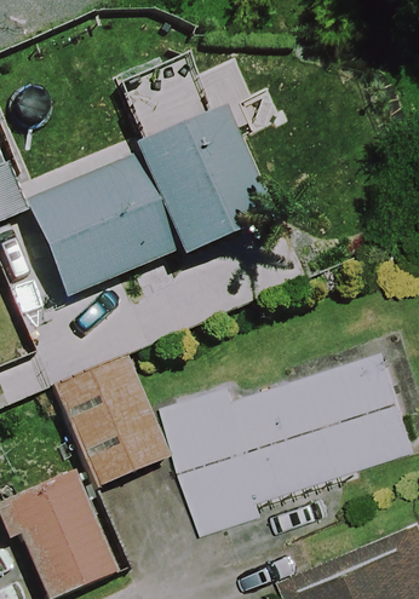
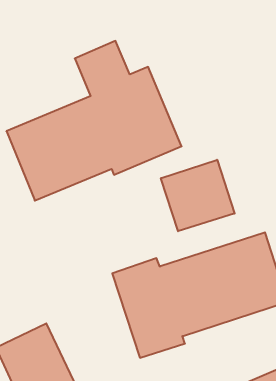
building: none -> [161,160,235,231]
building: [48,353,172,491] -> none

